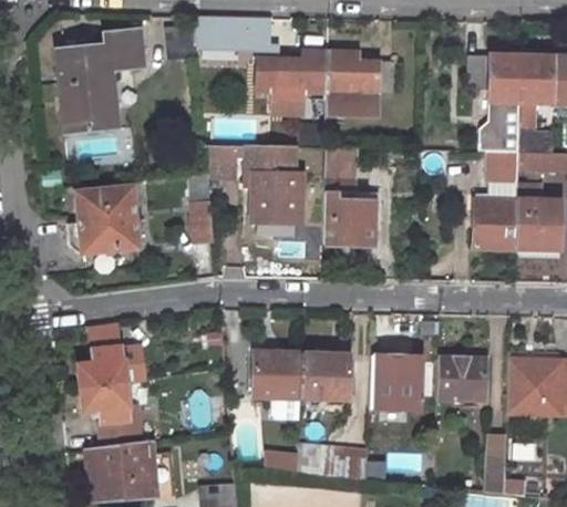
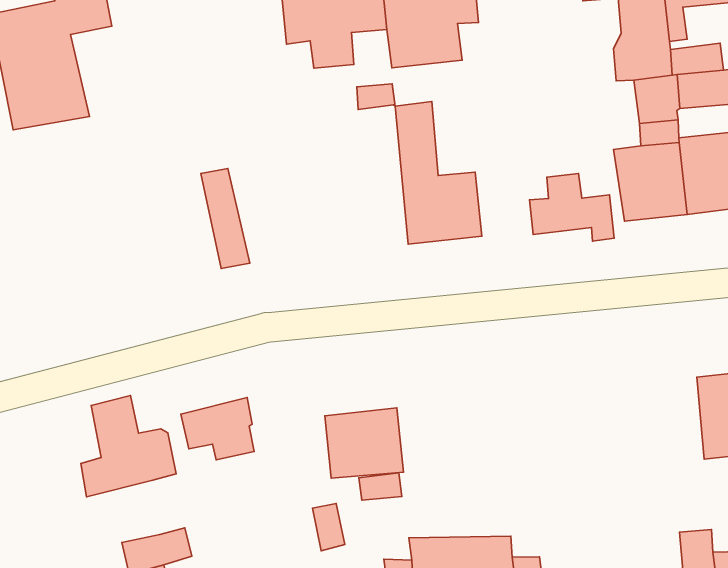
building: [206,143,303,223] -> none
building: [69,187,137,252] -> none
building: none -> [529,174,614,241]
building: [301,352,349,397] -> none
building: [370,354,420,408] -> none
building: [439,356,486,397] -> none
building: [83,380,131,420] -> [181,397,254,460]

